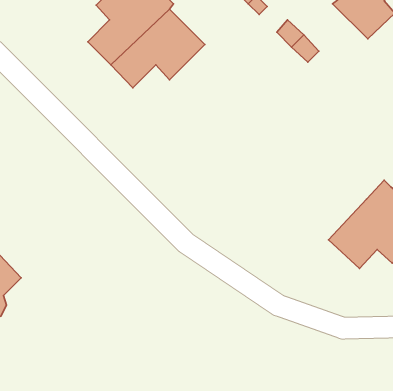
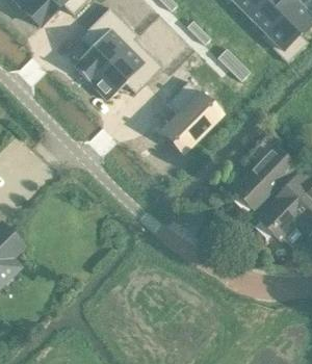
building: none -> [161,80,220,152]
building: none -> [235,146,295,206]

